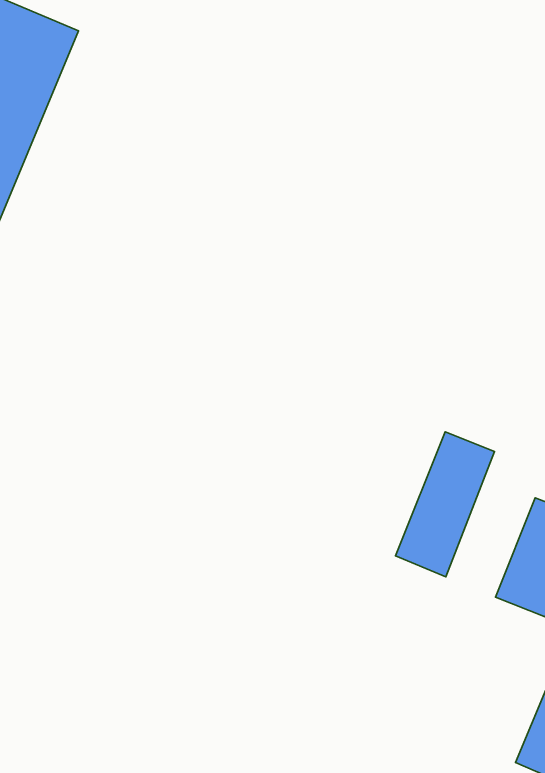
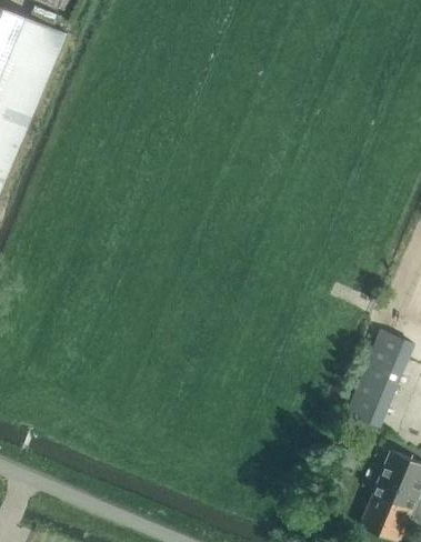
building: [396,432,494,577] -> none

